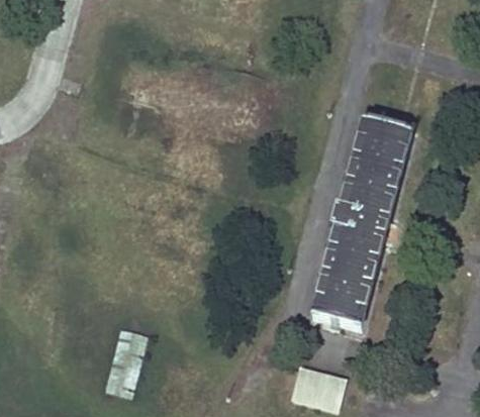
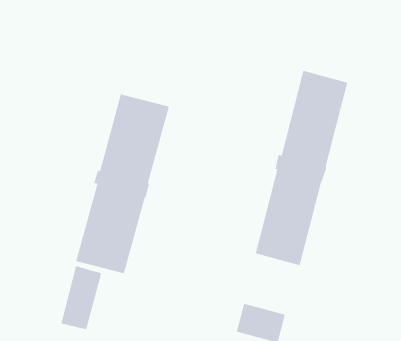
building: none -> [75,93,170,274]

